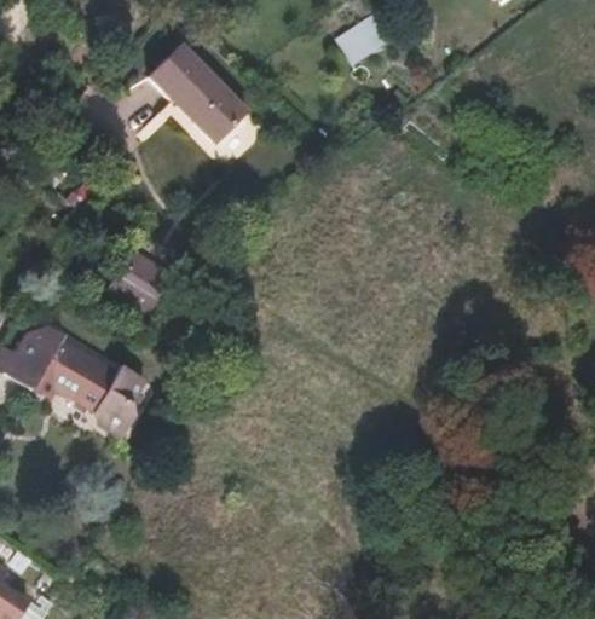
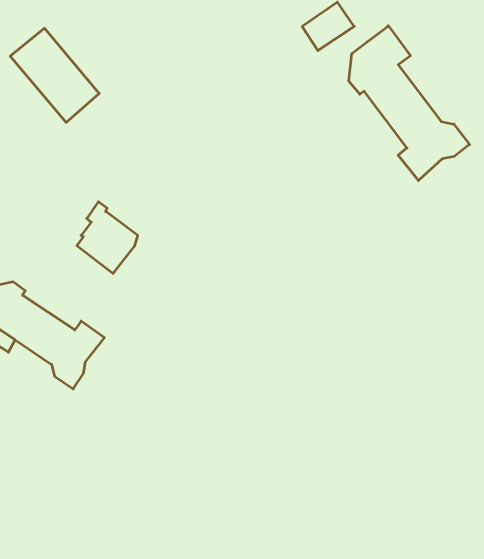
building: none -> [349,26,470,181]
building: [152,45,248,141] -> [10,28,99,122]

